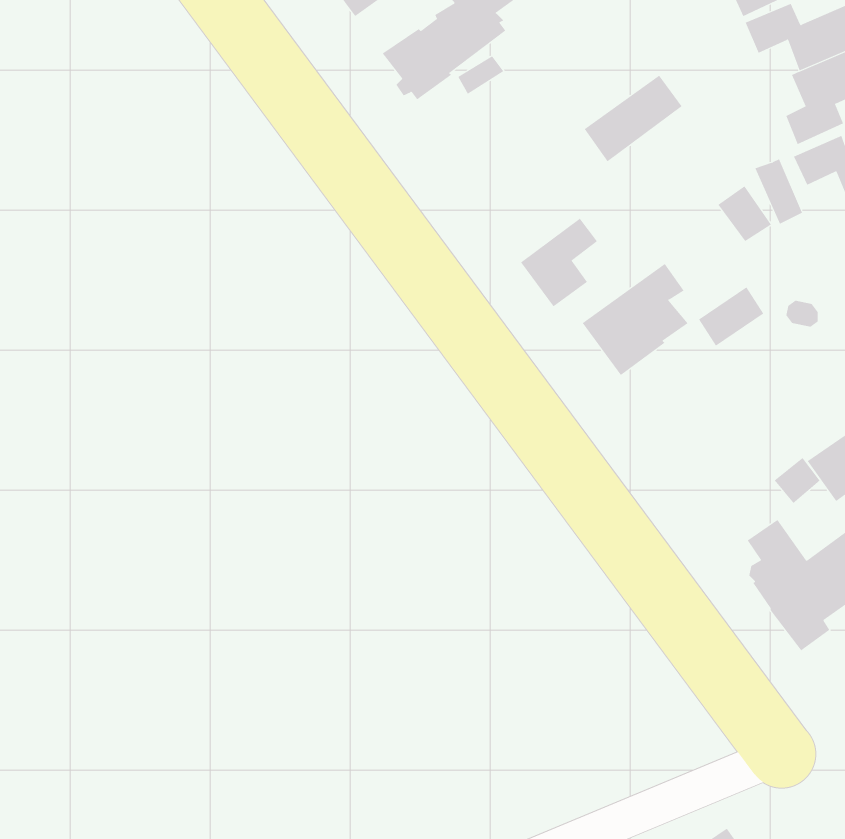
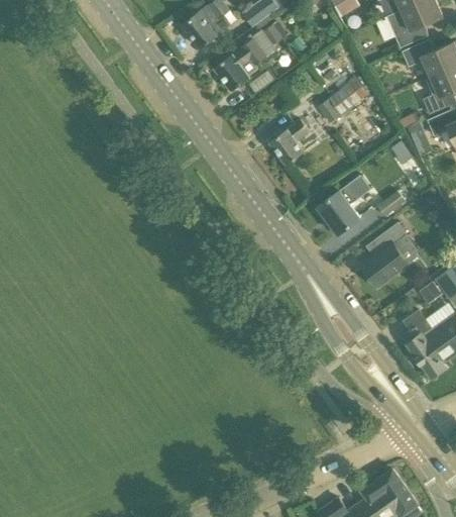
building: [520,218,598,307] -> [268,118,309,165]
building: none -> [361,222,409,287]

